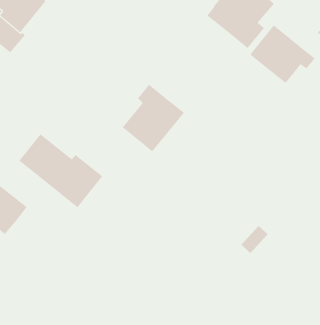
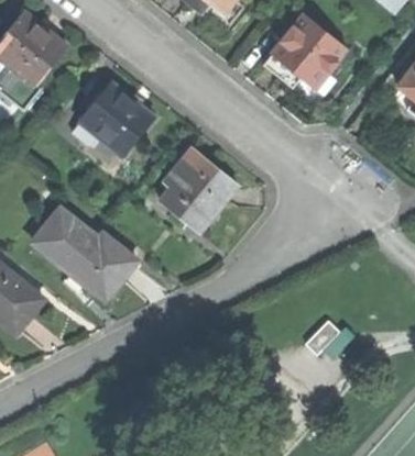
building: [249,24,315,84] -> none
building: none -> [80,82,154,155]

